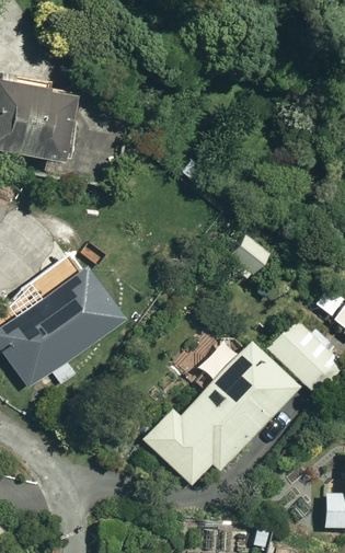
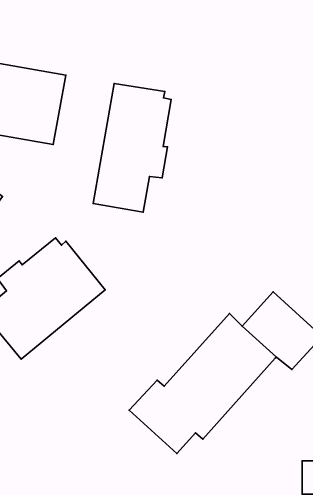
building: none -> [93,83,171,212]

